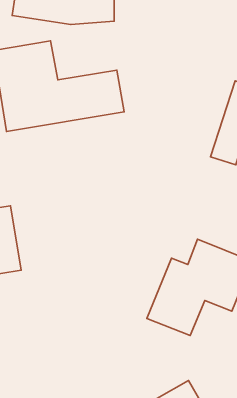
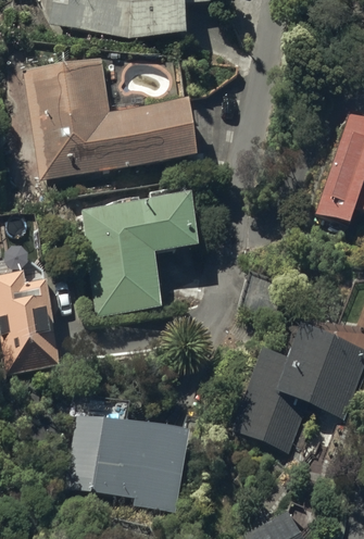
building: none -> [81,189,200,315]
building: none -> [54,389,181,510]

